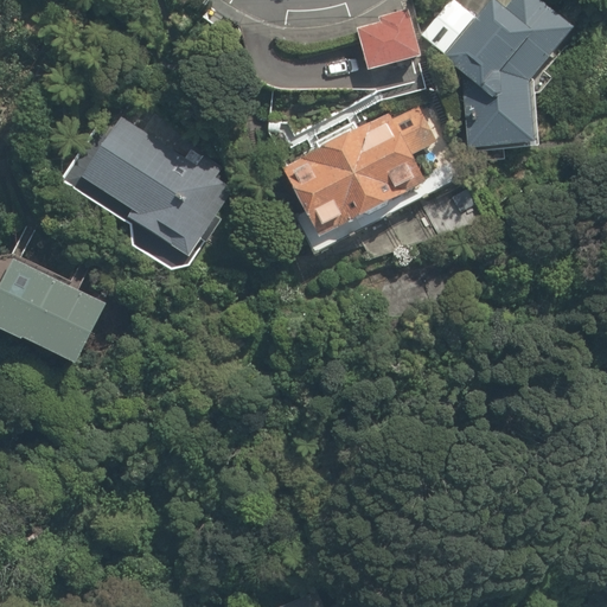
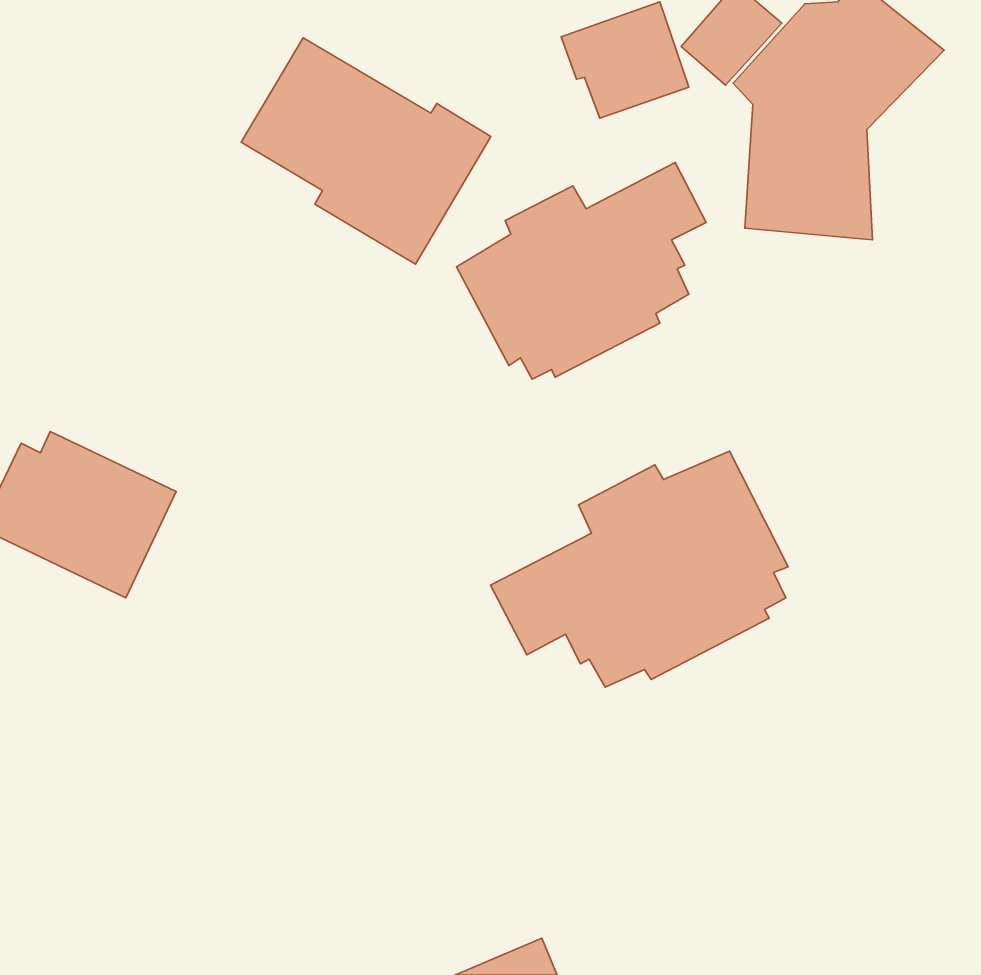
building: [82,117,235,256] -> [241,38,491,264]
building: none -> [491,451,788,687]

